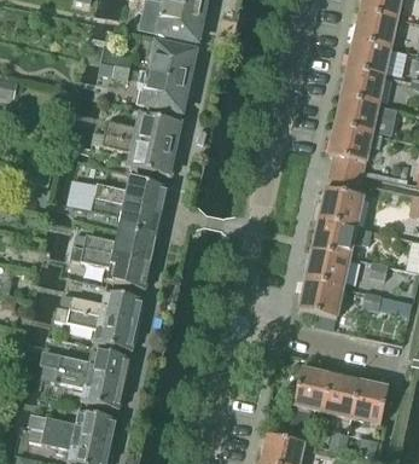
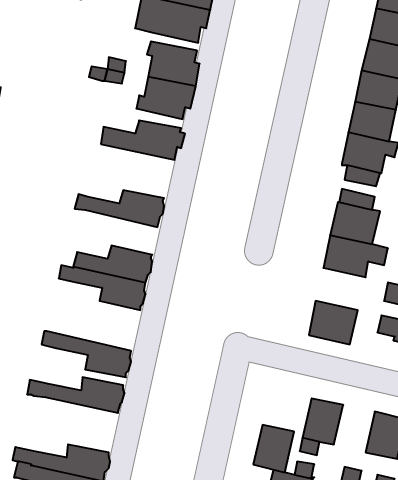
building: [91,133,178,175] -> none
building: [81,195,159,237] -> none
building: [304,249,350,288] -> none
building: [58,290,141,325] -> none
building: [41,365,123,408] -> none
building: [321,375,359,418] -> [253,425,294,472]

